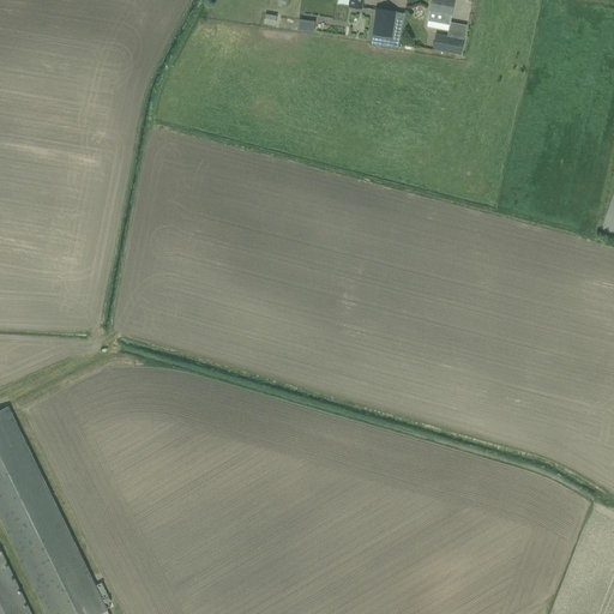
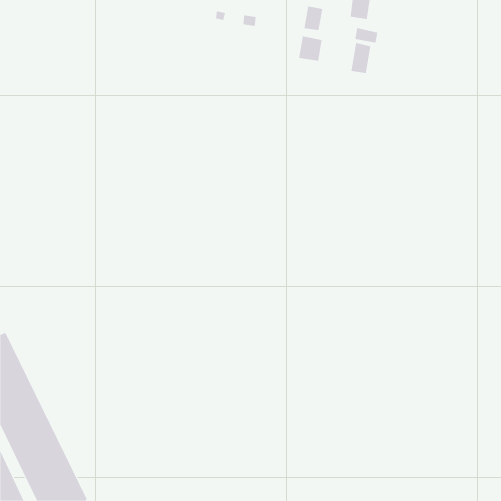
building: none -> [299,35,322,62]
building: none -> [351,42,371,74]

